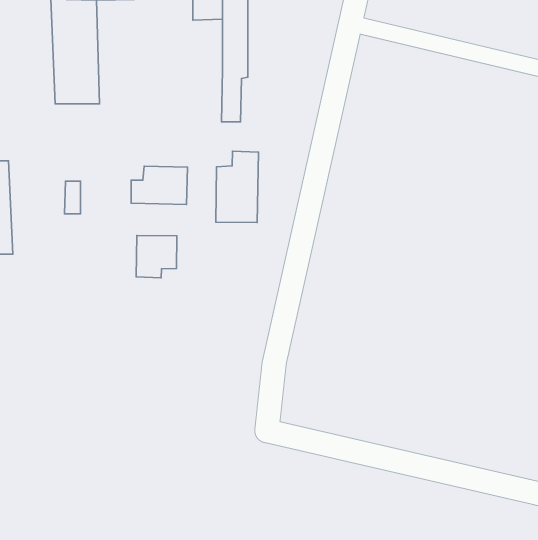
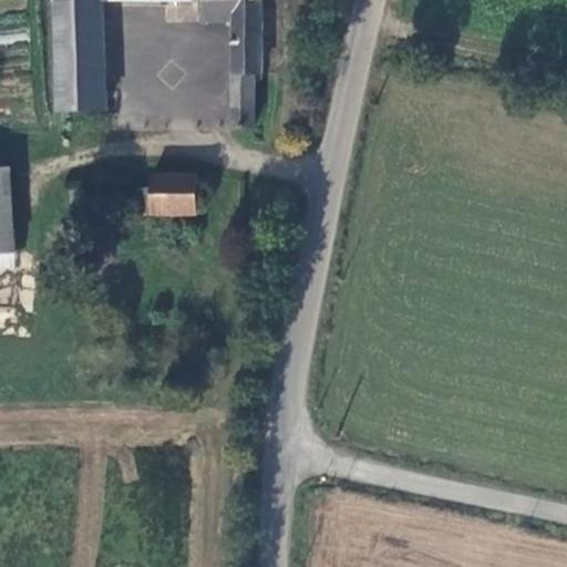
building: [216,151,259,222] -> none
building: [136,235,177,278] -> none

